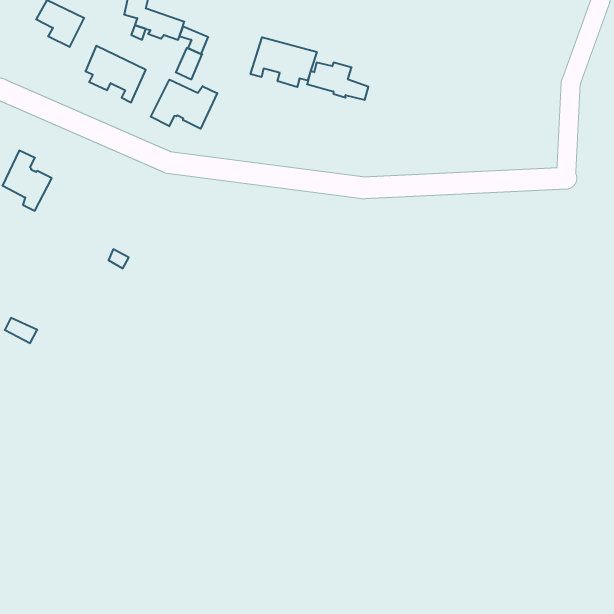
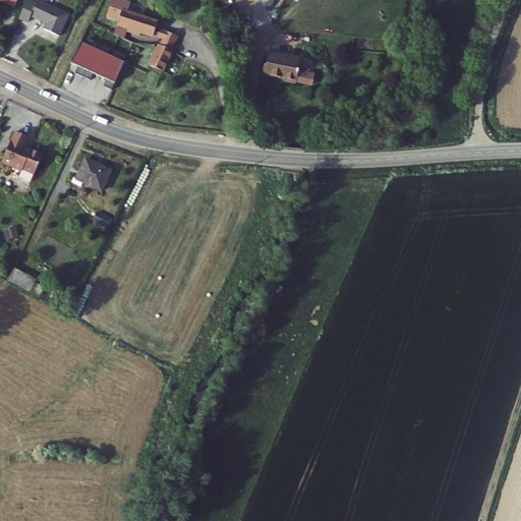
building: [251,37,317,87] -> none
building: [151,80,217,129] -> none
building: none -> [74,159,113,191]

